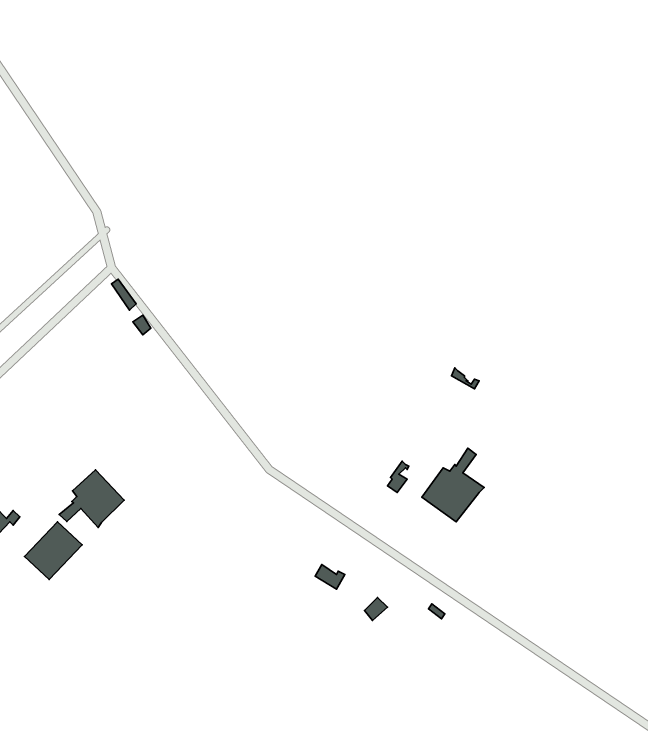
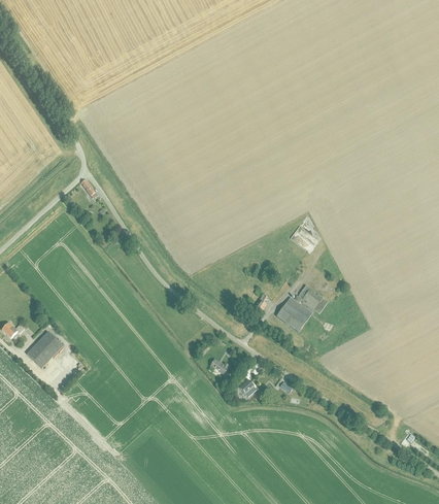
building: [59,470,124,527] -> none

